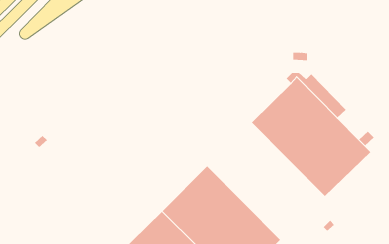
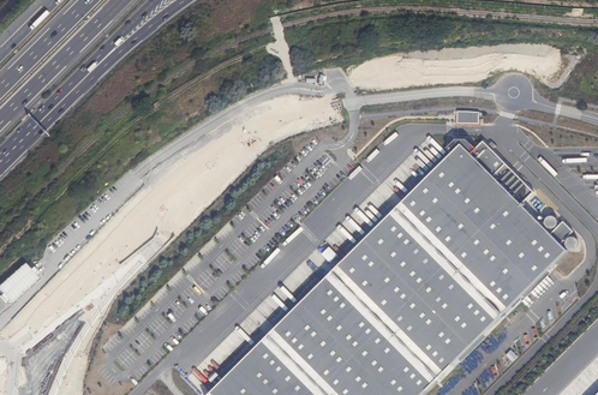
building: none -> [334,209,501,376]

